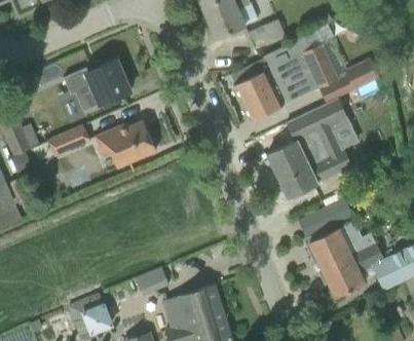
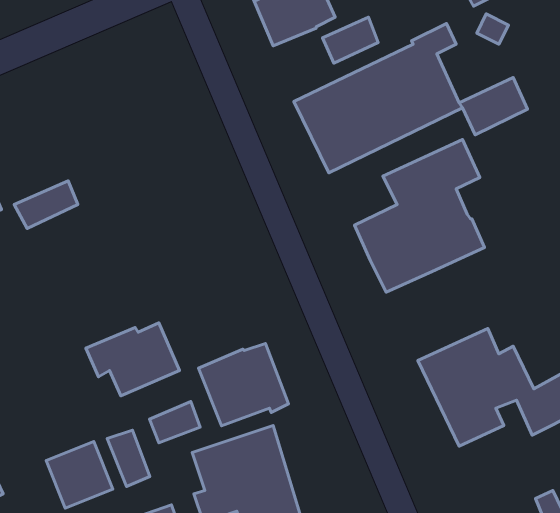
building: [64,60,130,110] -> none
building: [96,120,156,167] -> [86,323,180,396]
building: [298,198,351,238] -> none
building: none -> [199,344,289,426]
building: none -> [107,430,150,487]

